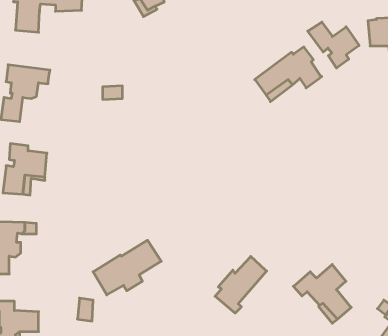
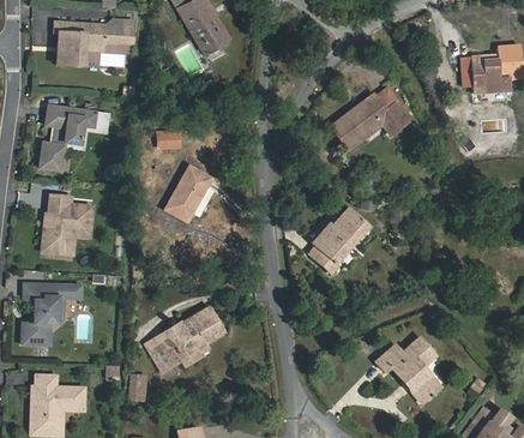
building: [308,22,359,68] -> none
building: none -> [165,164,215,220]
building: [215,256,267,313] -> [308,208,367,272]

